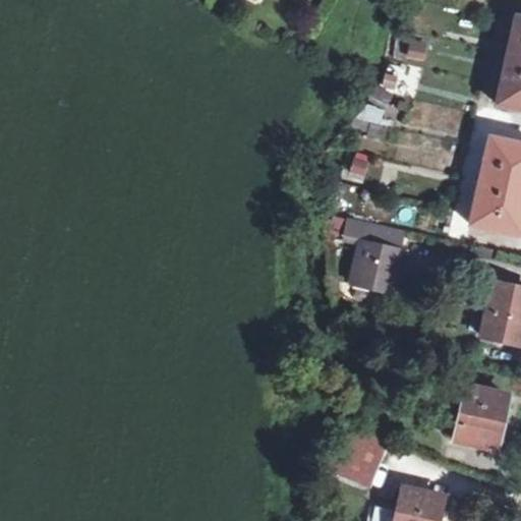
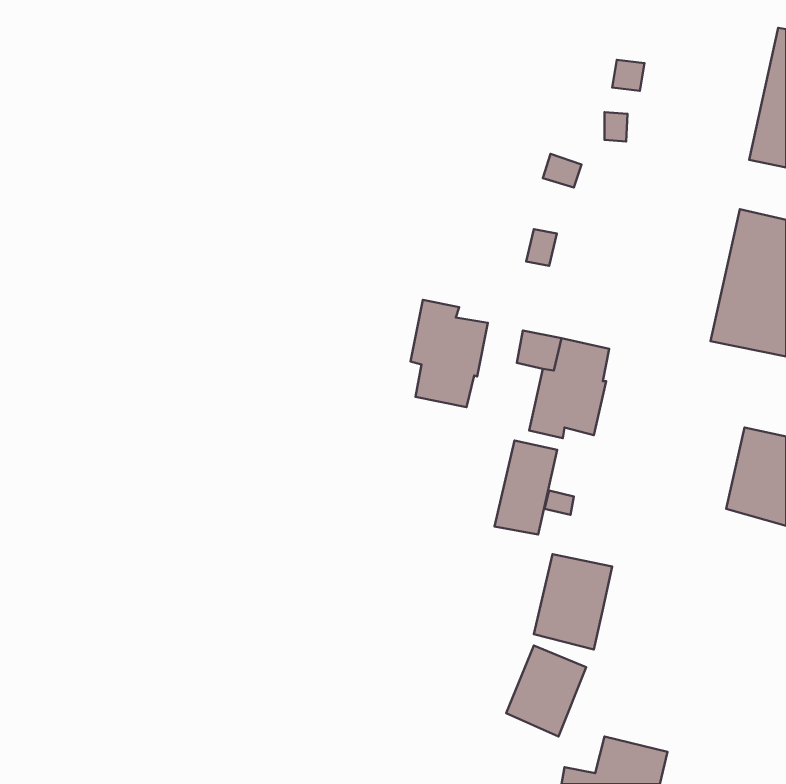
building: none -> [410,300,488,407]
building: none -> [495,440,557,534]
building: [454,388,506,451] -> [534,554,612,649]

